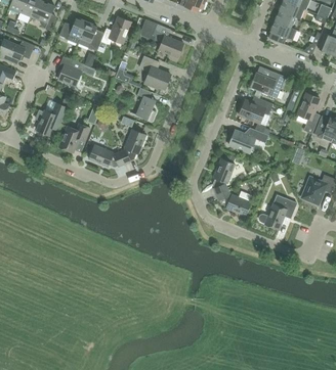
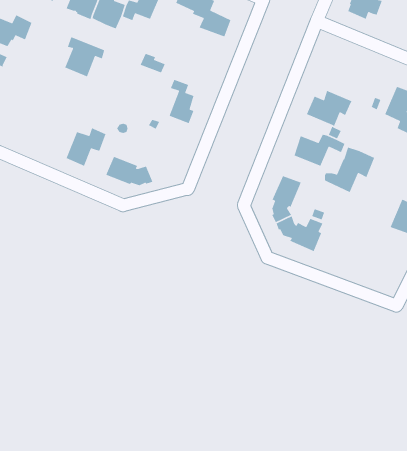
building: [139,56,170,90] -> none
building: [249,72,285,98] -> none
building: [35,100,67,136] -> none
building: [119,130,145,165] -> none
building: [258,195,296,230] -> [324,146,375,193]

